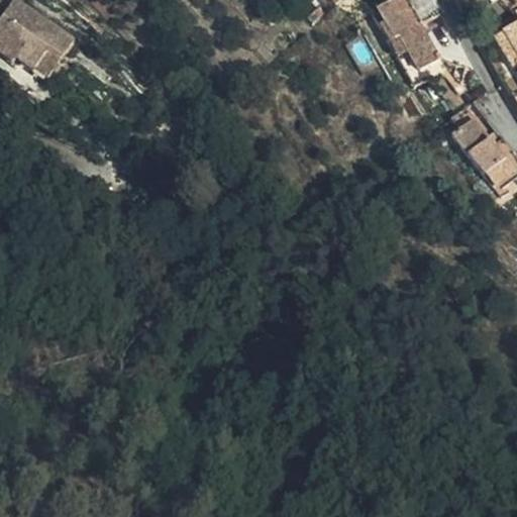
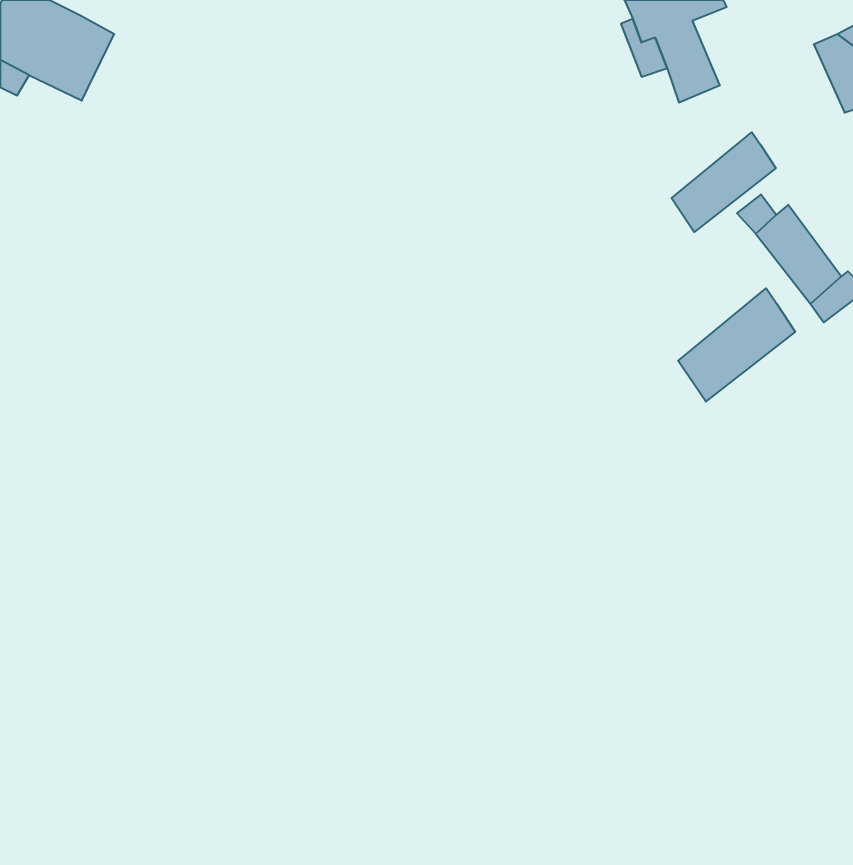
building: none -> [671,132,776,232]
building: none -> [678,288,795,402]

